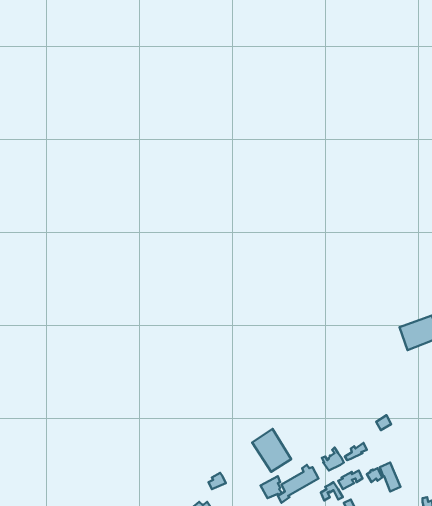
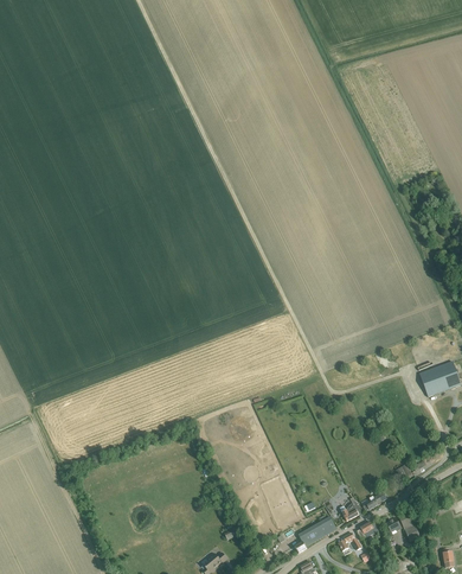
building: [252,429,291,472] -> none

